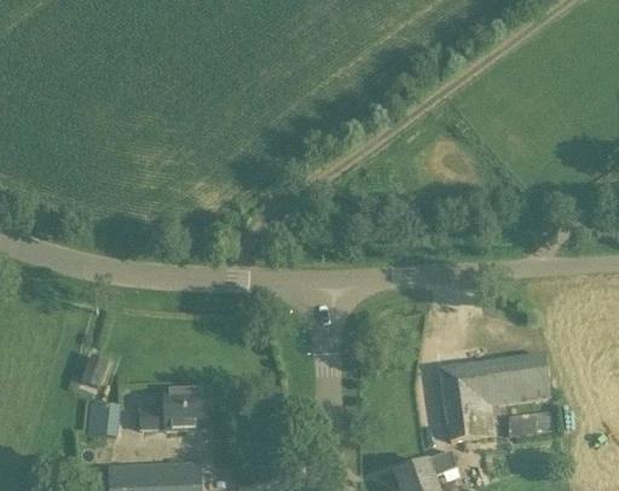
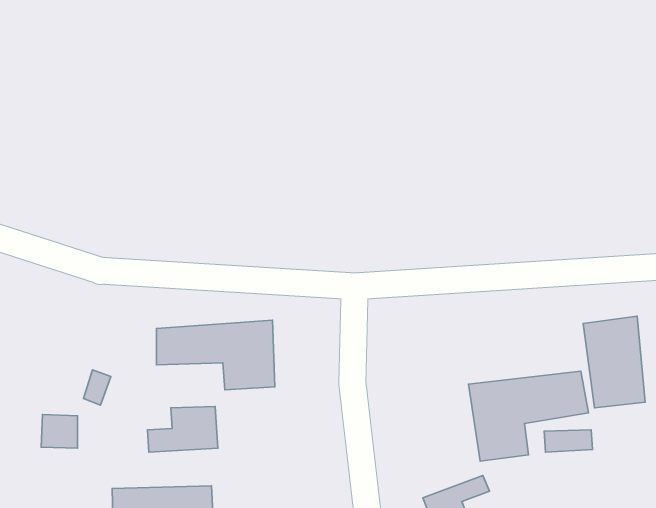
building: none -> [583,316,645,408]
building: none -> [156,320,275,390]
building: [88,400,122,432] -> [41,414,78,448]

